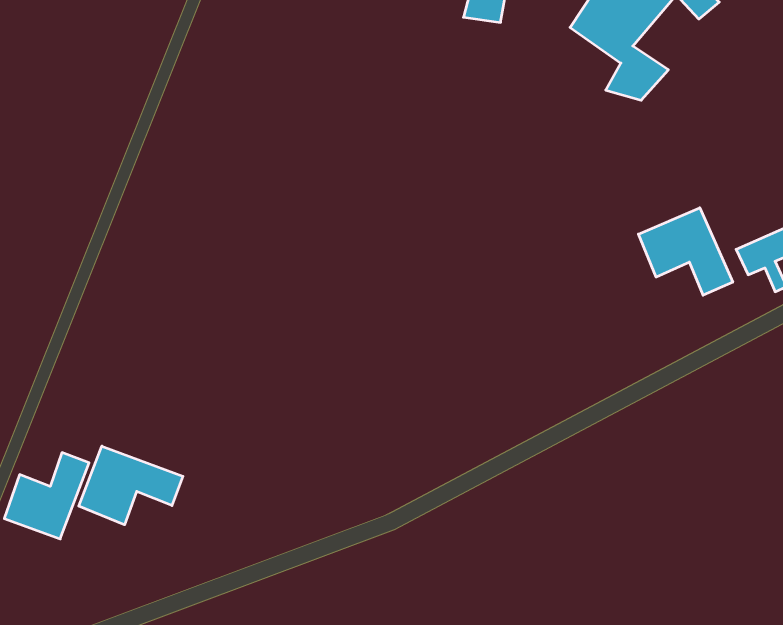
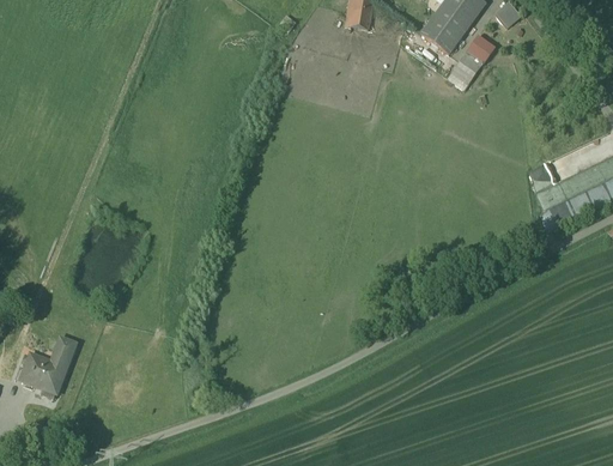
building: [638,208,733,295] -> none
building: [79,446,183,525] -> none

